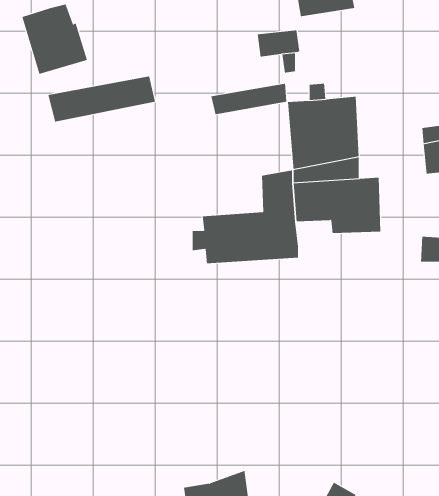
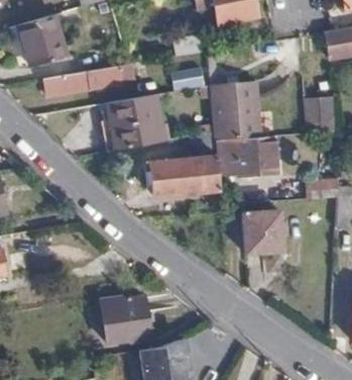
building: none -> [107,93,163,149]
building: none -> [243,210,281,254]
building: none -> [102,295,153,345]

